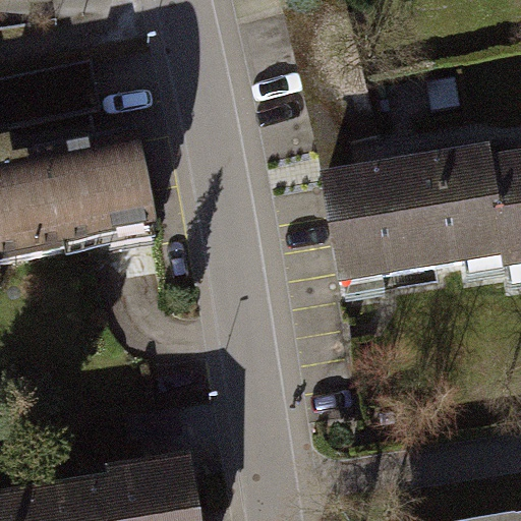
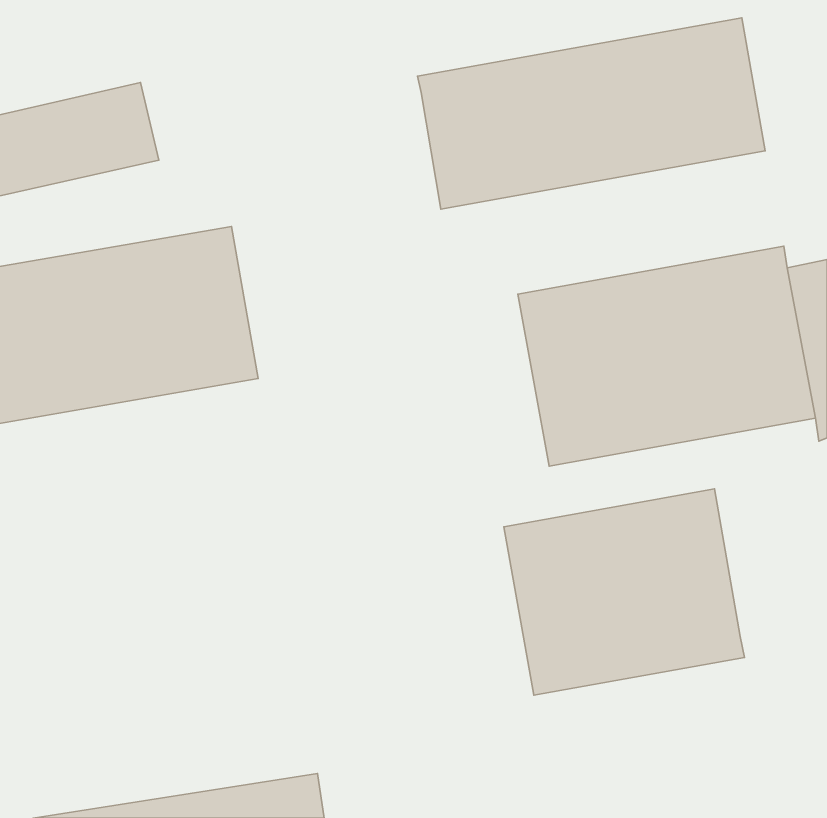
building: none -> [418,18,765,209]
building: none -> [504,489,745,695]

